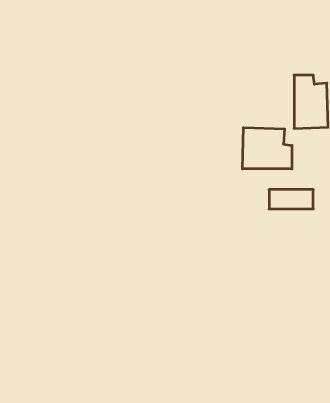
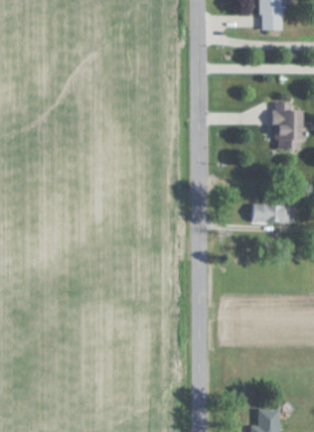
building: [242,128,292,169] -> none

